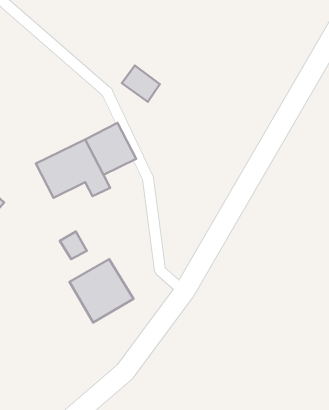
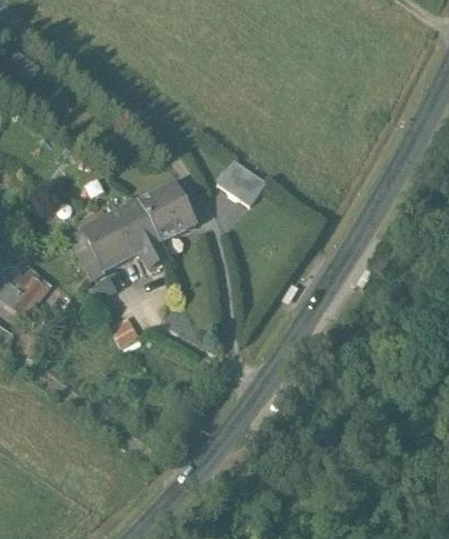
building: [122,65,160,102] -> [216,161,261,204]
building: [69,259,134,323] -> none

